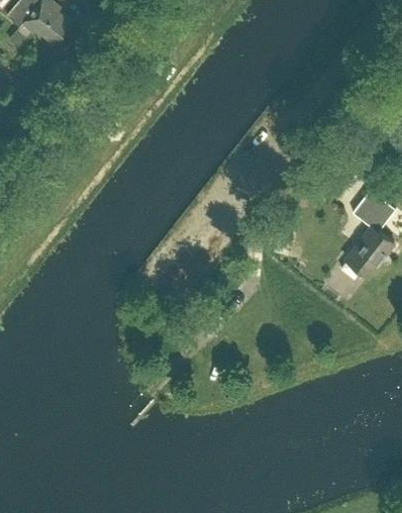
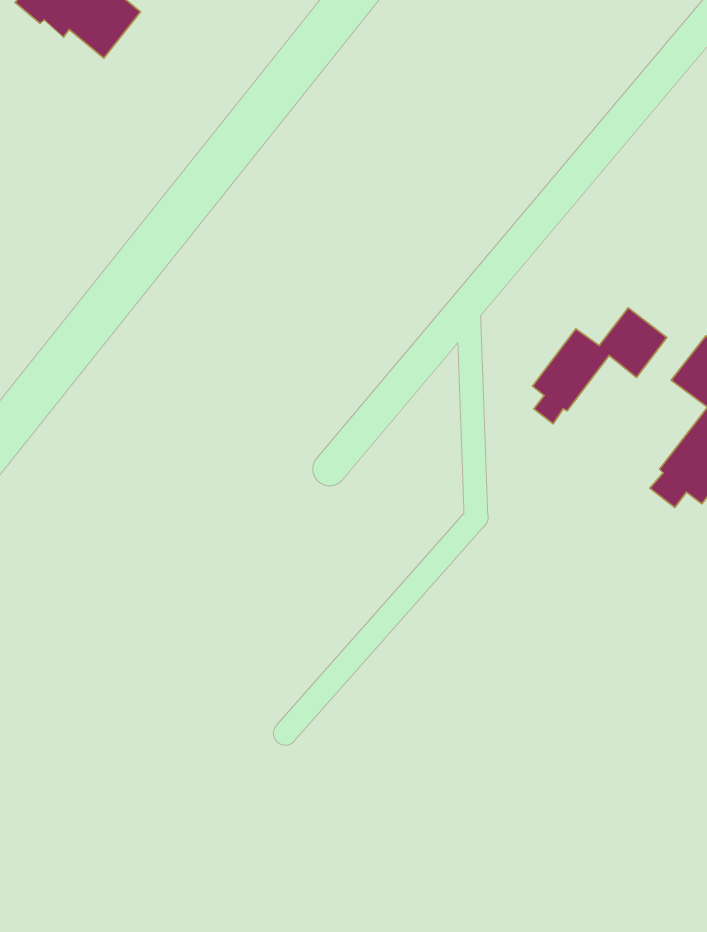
building: none -> [533,308,667,424]

